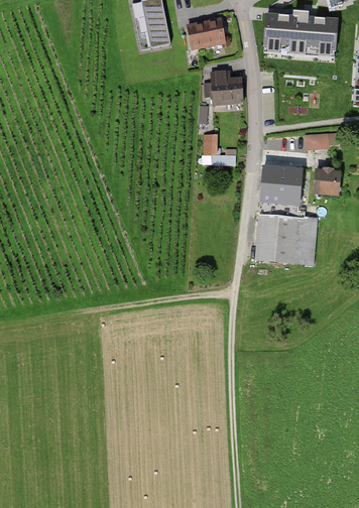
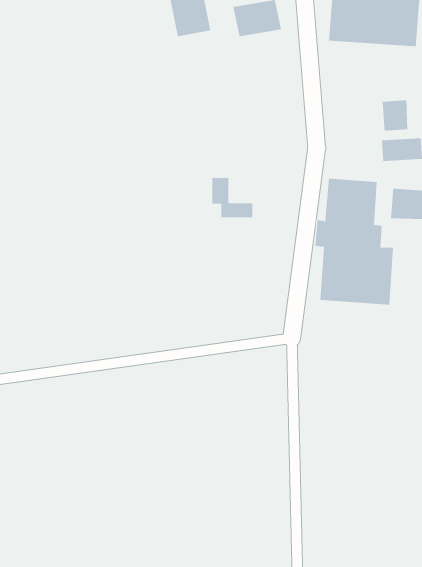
building: [208,71,243,104] -> none
building: none -> [382,100,408,131]
building: [204,134,237,166] -> [212,178,253,218]

